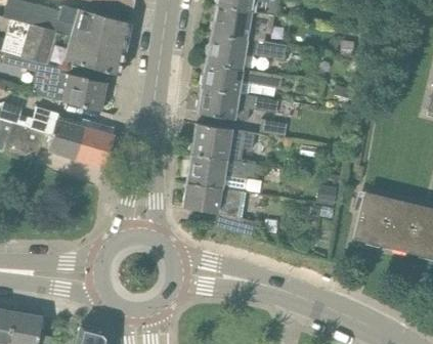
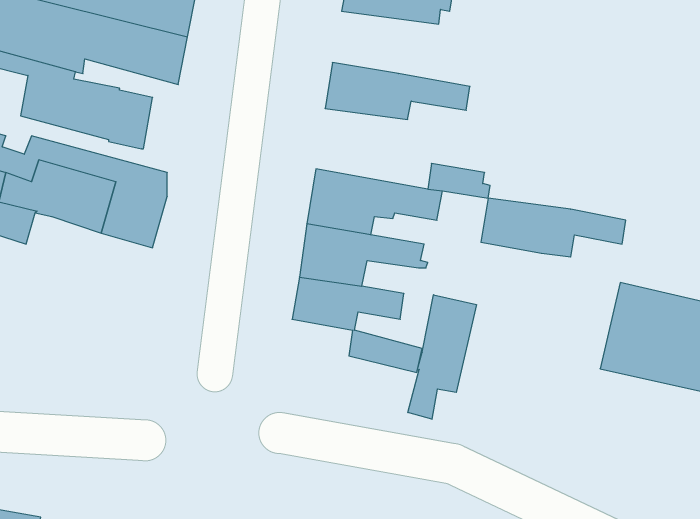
building: [206,34,287,69] -> none
building: [198,88,278,121] -> [481,198,626,257]
building: none -> [408,295,476,419]

